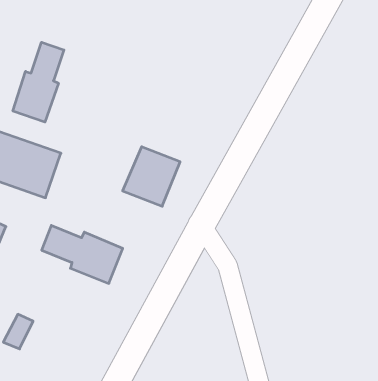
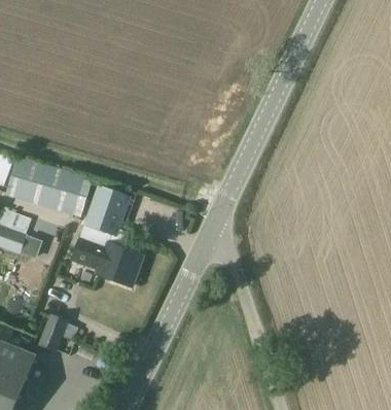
building: [13,42,64,122] -> none
building: [123,147,180,206] -> [81,184,130,235]

